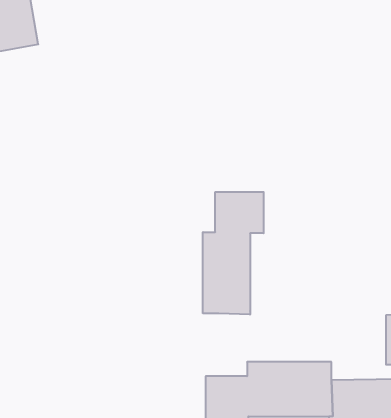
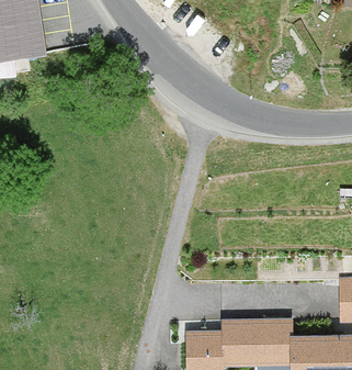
building: [203,192,264,315] -> none

